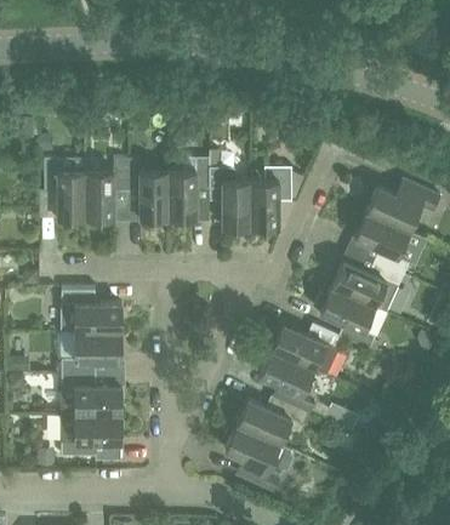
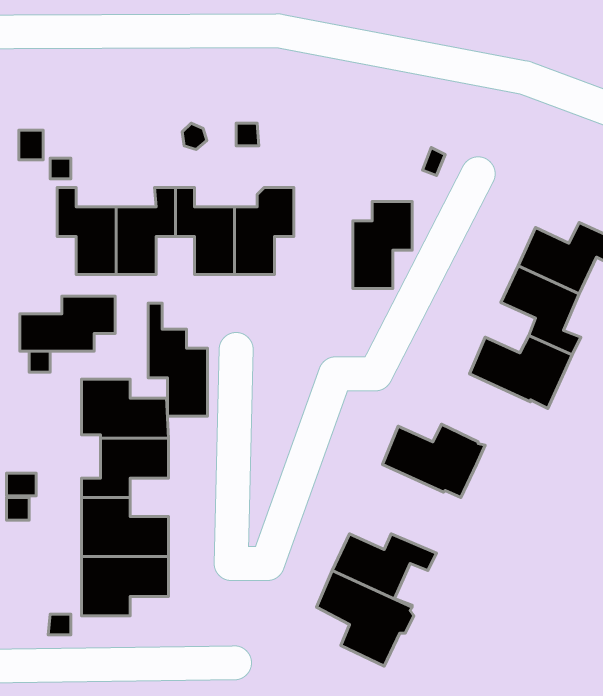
building: [210,149,251,228] -> [148,303,207,416]
building: none -> [20,296,115,351]
building: [315,287,375,349] -> none
building: [260,350,318,412] -> none

